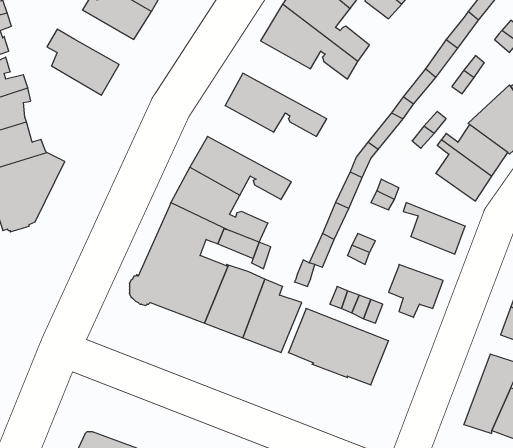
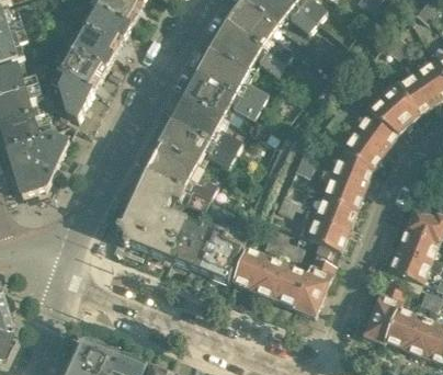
building: none -> [59,26,116,67]
building: none -> [197,49,266,107]
building: none -> [48,68,92,126]
building: none -> [171,98,240,155]
building: none -> [330,147,371,188]
building: none -> [303,195,355,228]
building: none -> [292,255,332,316]

